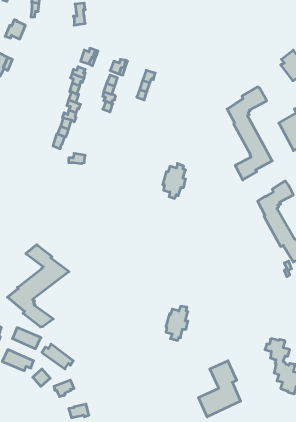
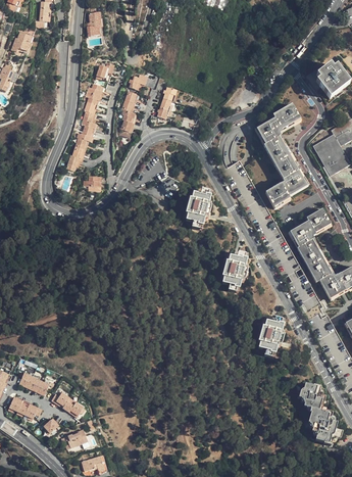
building: none -> [222,252,248,291]
building: [7,245,69,327] -> none
building: [166,306,188,340] -> [259,318,284,355]
building: [198,361,241,417] -> none

